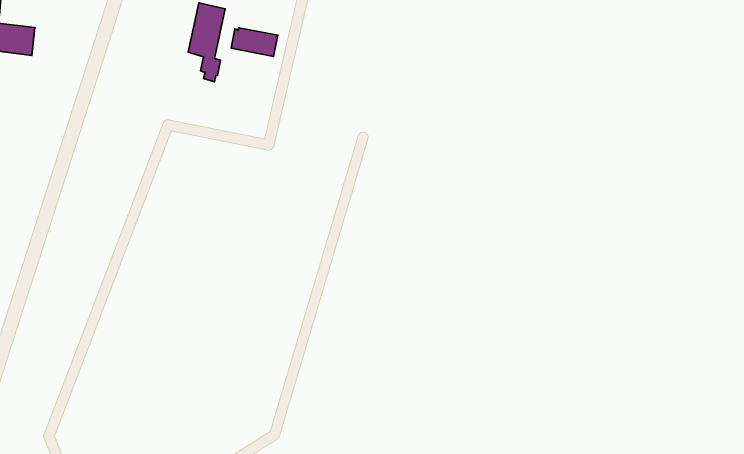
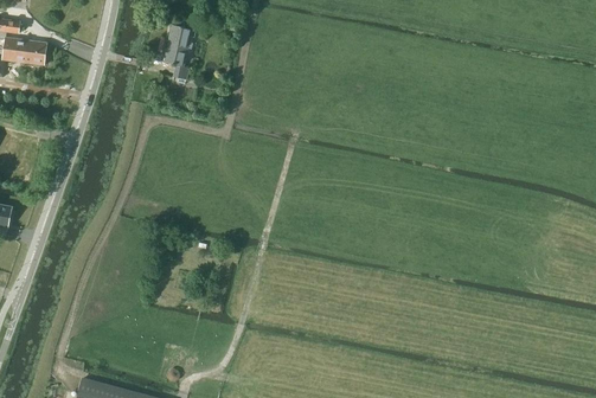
building: [231,28,278,57] -> none

